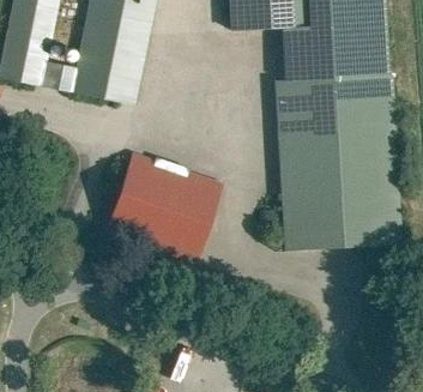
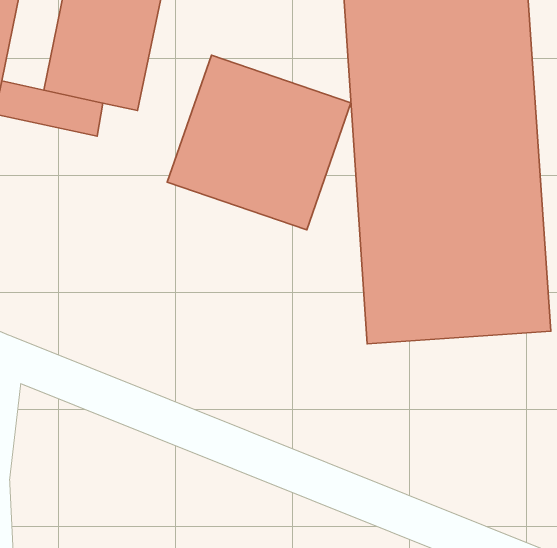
building: [102,147,222,261] -> [167,55,351,230]

